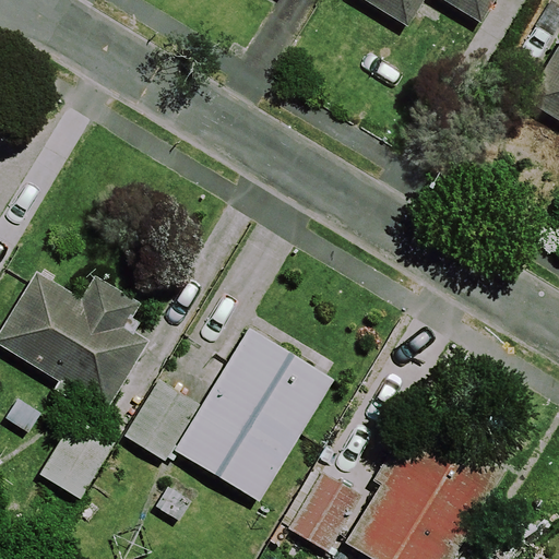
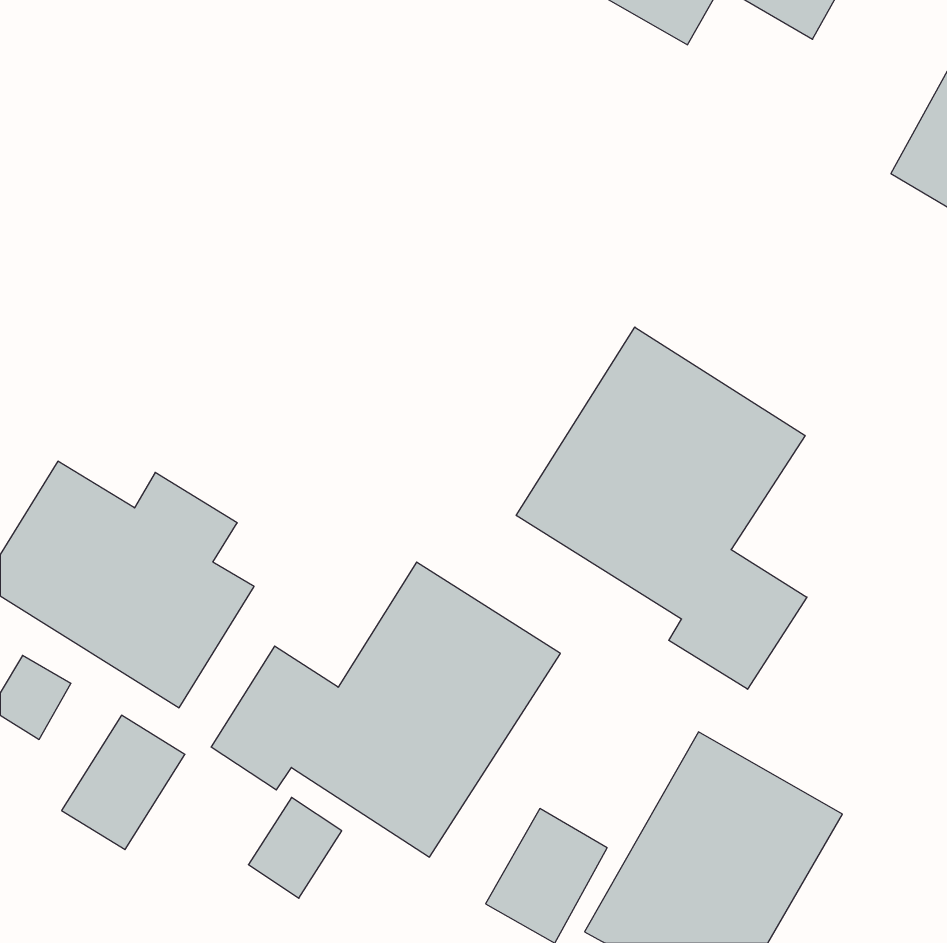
building: none -> [516,327,807,689]

